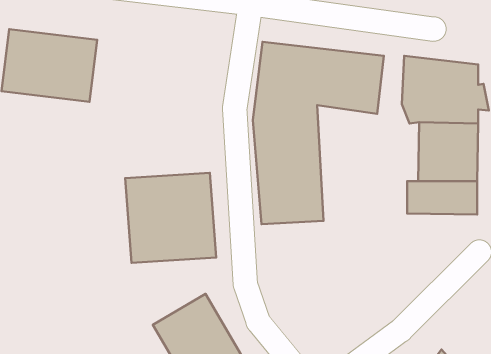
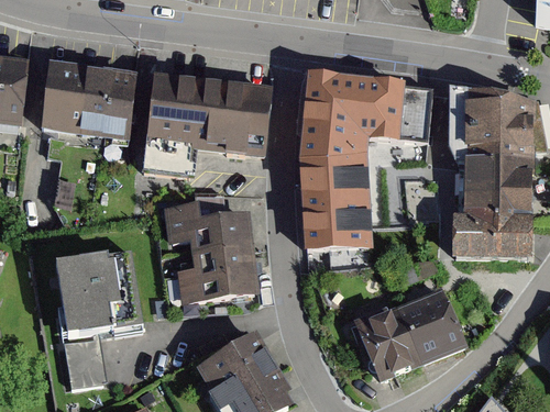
building: none -> [143,77,268,174]
building: none -> [53,254,142,388]
building: none -> [355,289,463,374]

